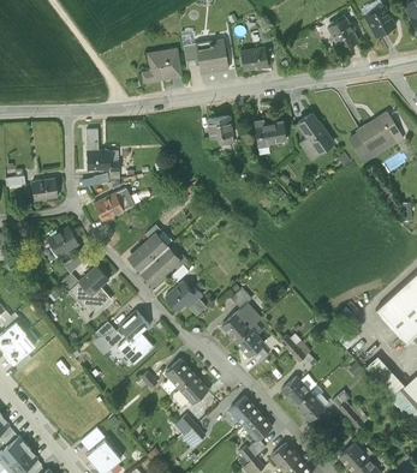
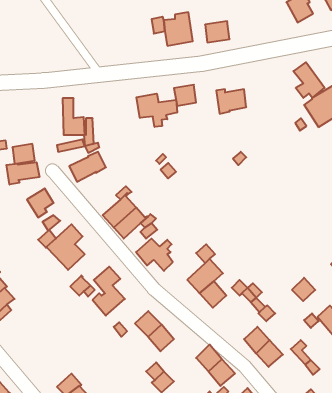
building: [142,49,180,82] -> none
building: [297,114,330,152] -> [293,62,325,98]
building: none -> [136,94,177,127]
building: none -> [6,162,39,185]

